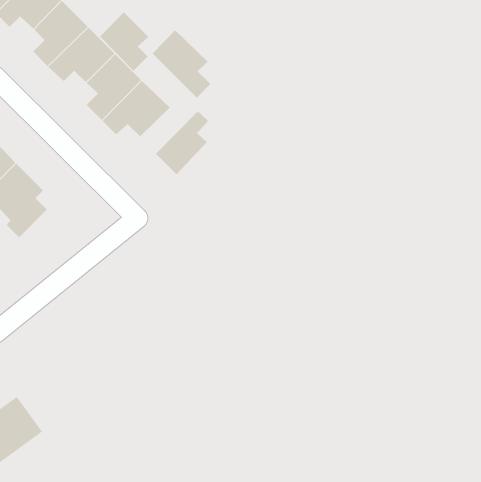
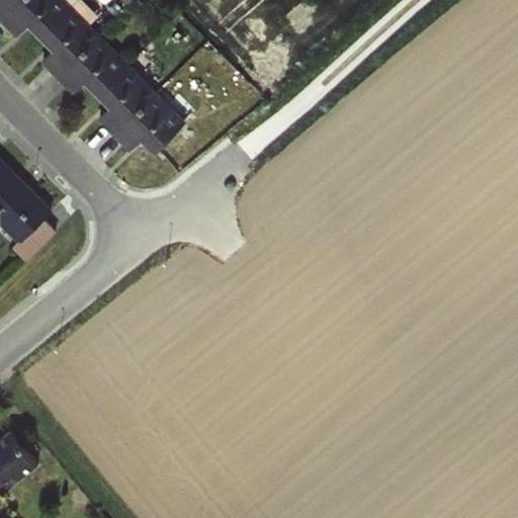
building: [99,12,149,71] -> none
building: [152,29,211,98] -> none
building: [155,110,209,175] -> none

